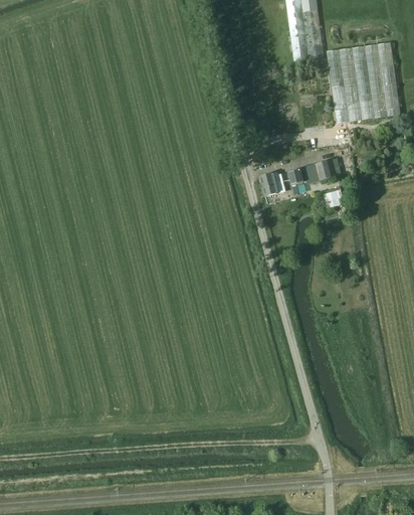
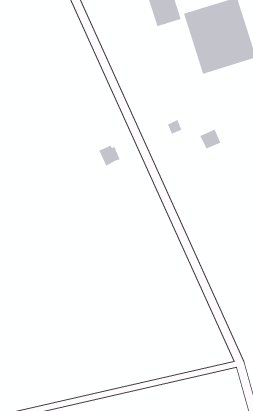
building: [303,157,341,182] -> none
building: [260,172,283,195] -> [99,145,121,166]

